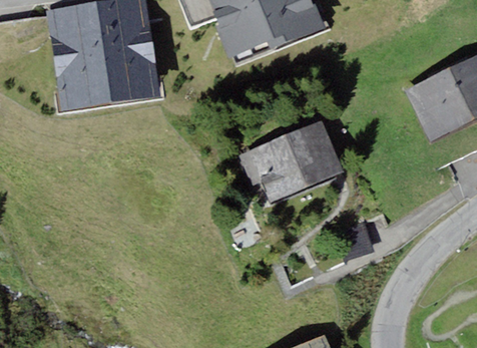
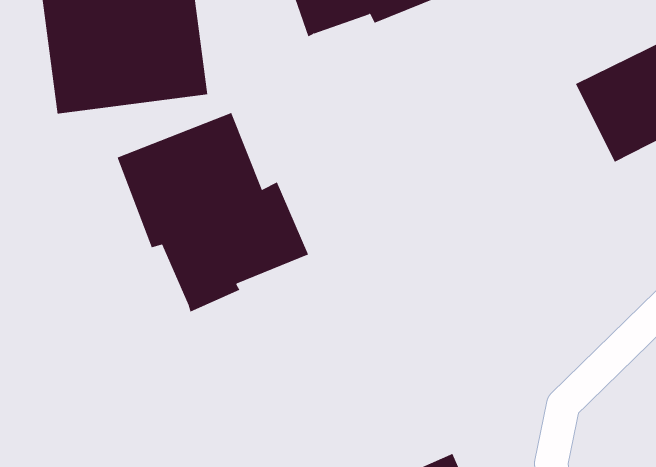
building: none -> [117,112,309,313]
building: [240,120,343,203] -> none

